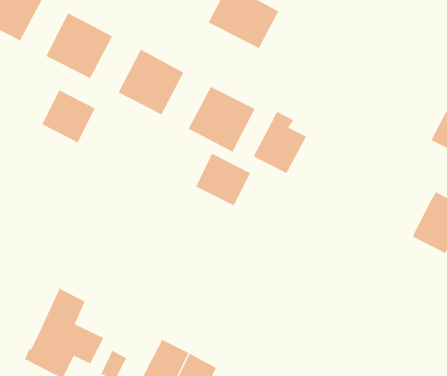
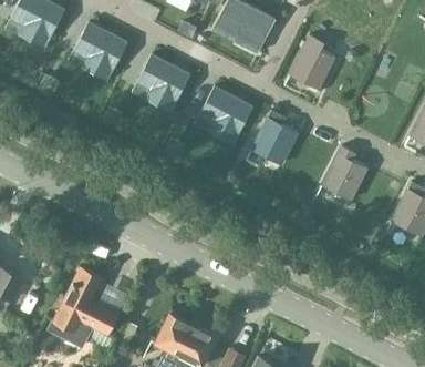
building: none -> [288,34,336,90]
building: [42,89,95,143] -> none
building: none -> [321,145,367,201]
building: [195,153,251,206] -> none

